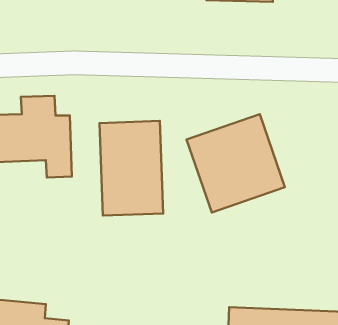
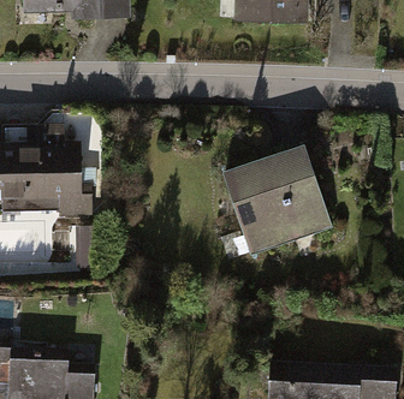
building: [99,121,163,216] -> none

